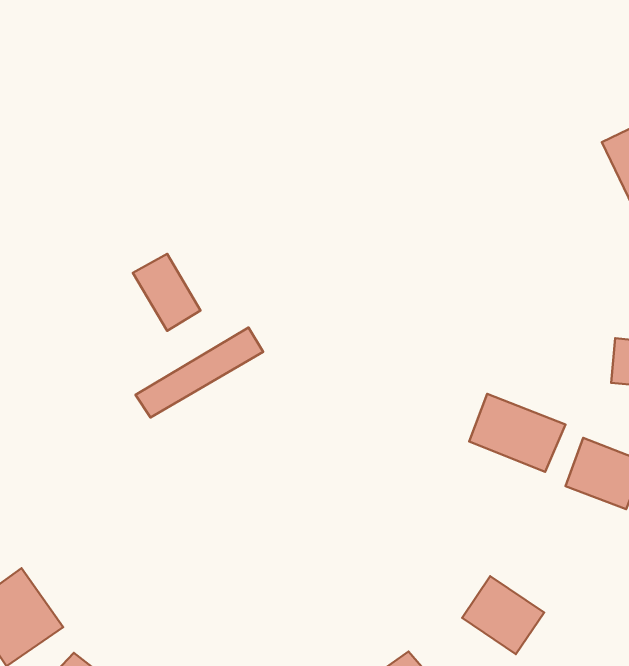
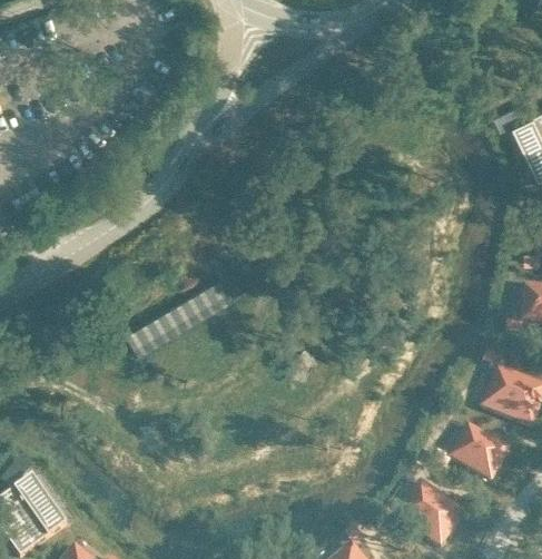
building: [133,254,200,331] -> none
building: [469,394,565,472] -> none
building: none -> [452,424,511,479]

